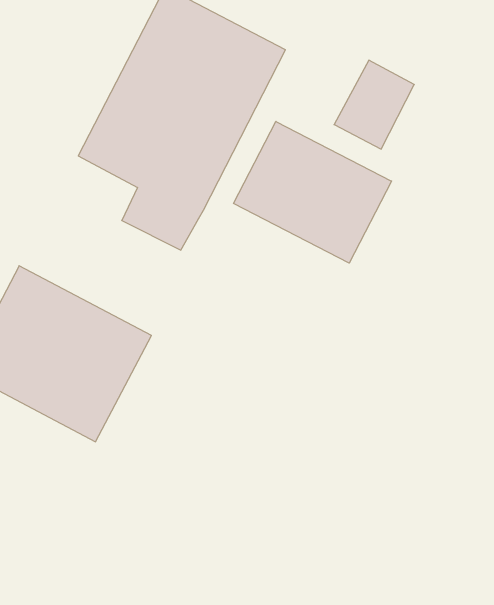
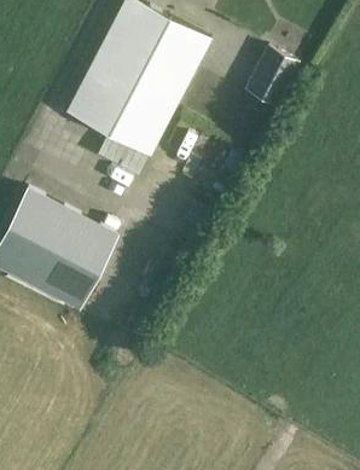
building: [234,121,392,263] -> none

